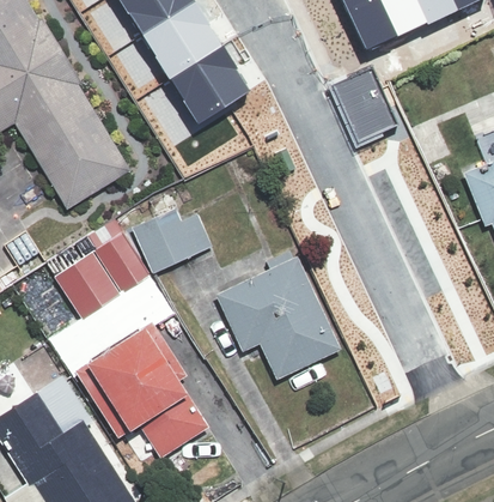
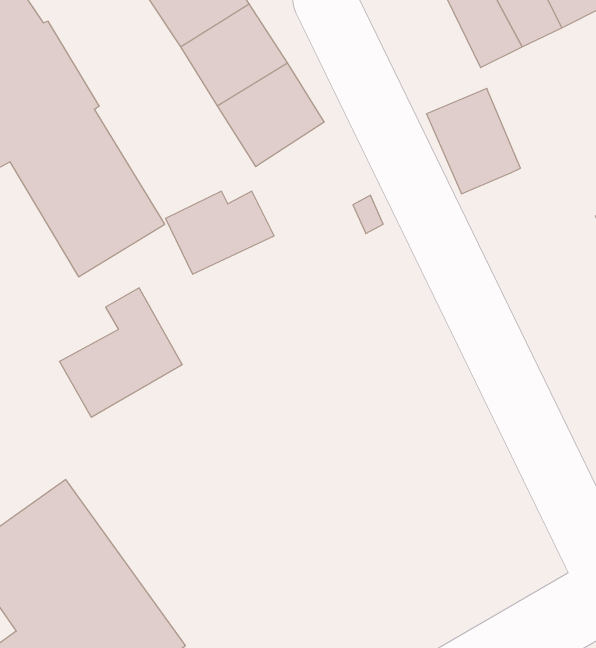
building: [132,216,213,278] -> [166,191,274,274]
building: [209,218,346,383] -> none
building: [80,316,206,454] -> none

